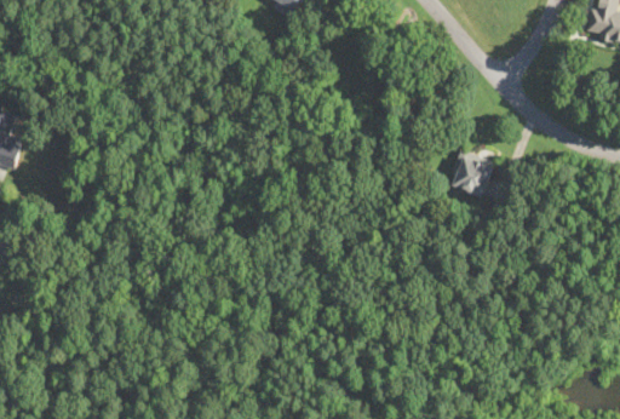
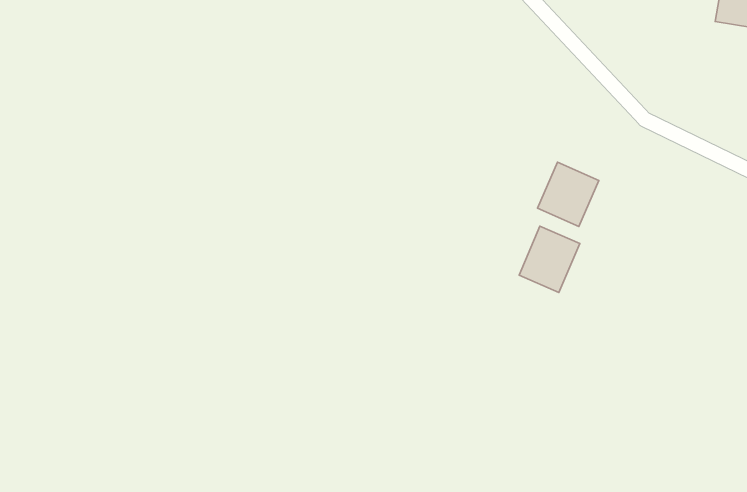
building: none -> [519,226,580,292]

